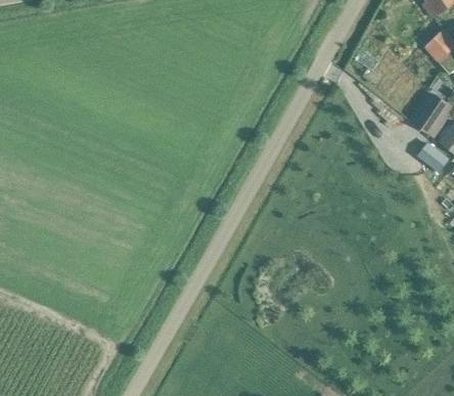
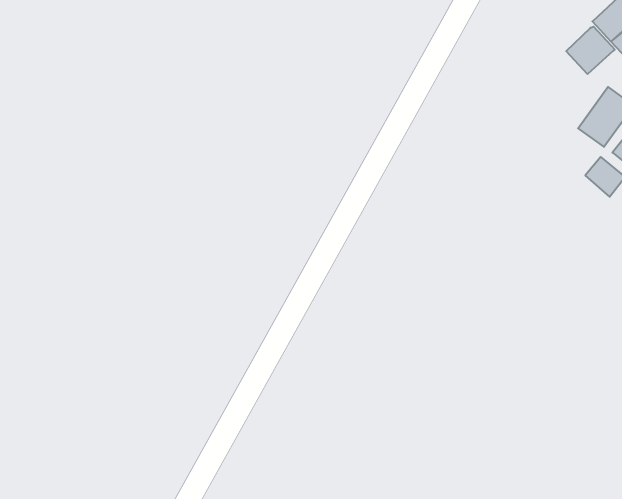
building: none -> [566,27,615,74]

